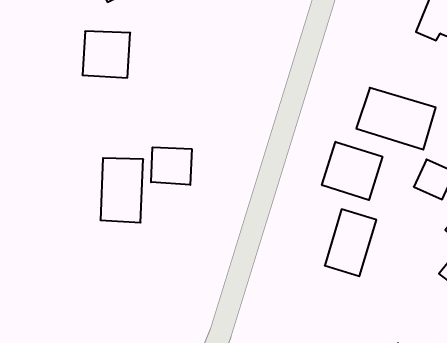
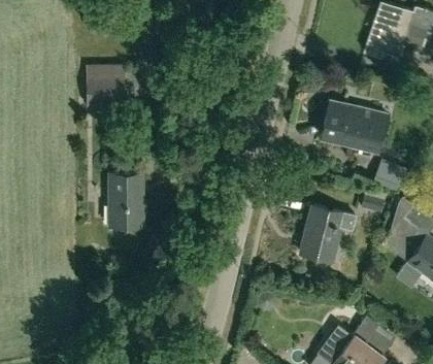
building: [322,142,382,200] -> none
building: [151,147,192,185] -> none

